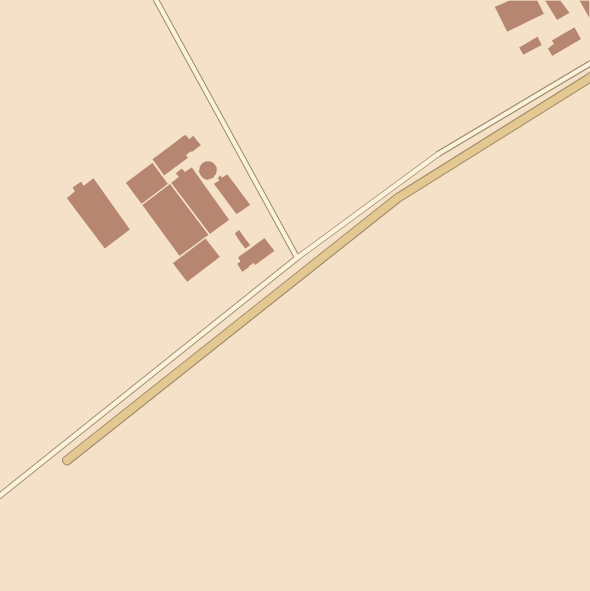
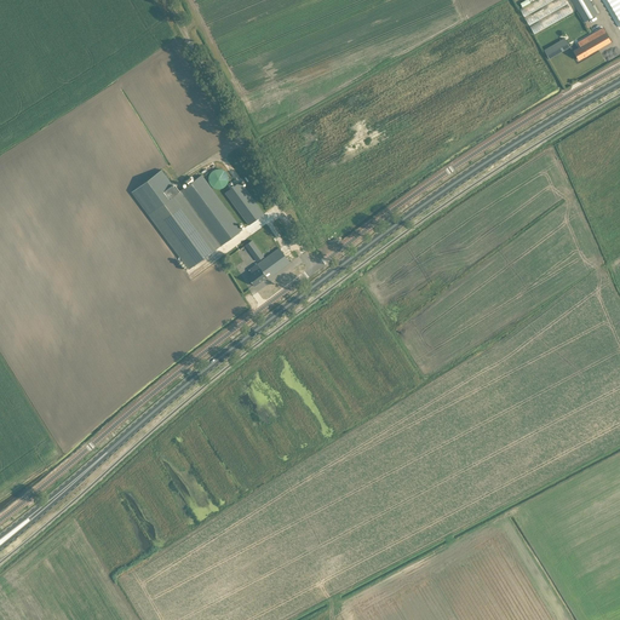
building: [152,134,202,176] -> none
building: [66,177,131,249] -> none
building: [172,238,221,283] -> none

